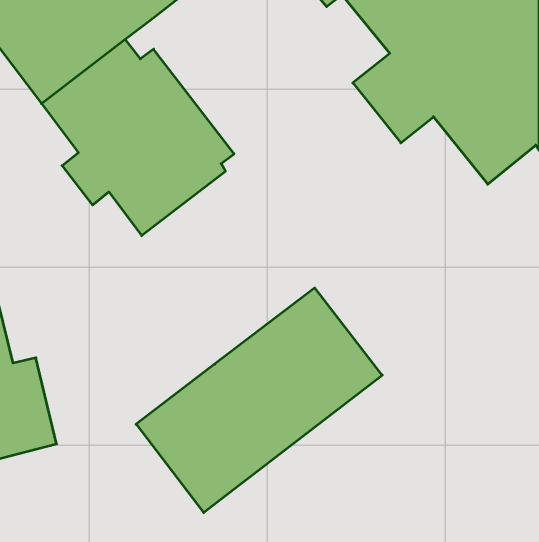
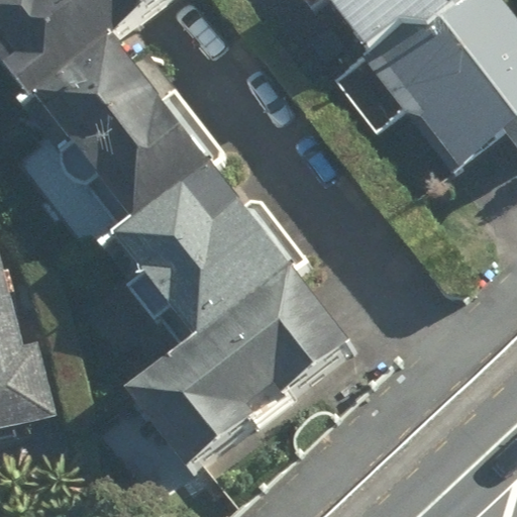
building: none -> [99,159,306,337]

